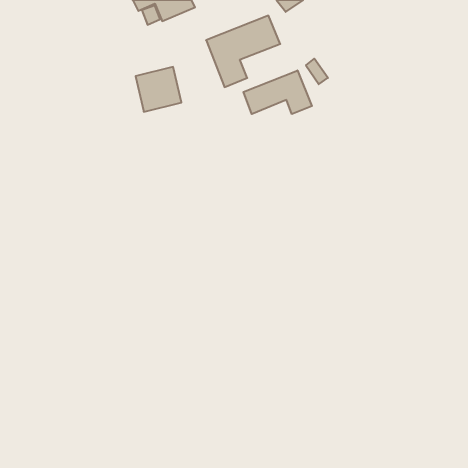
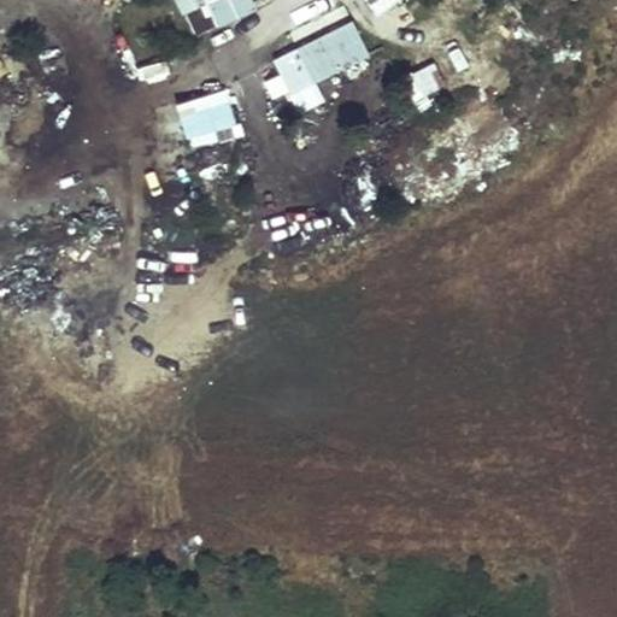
building: [243,70,312,114] -> none

